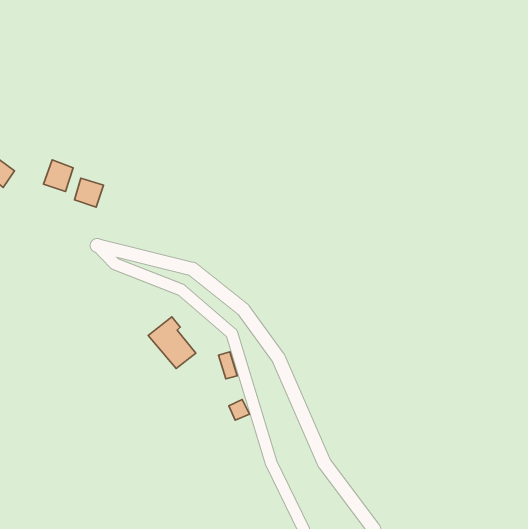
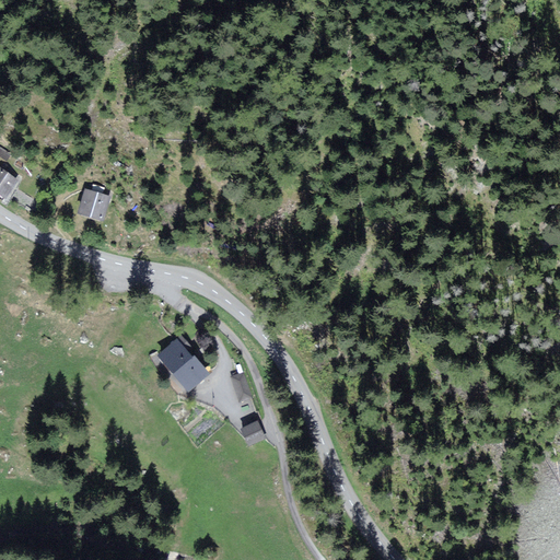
building: [44,160,73,192] -> none

